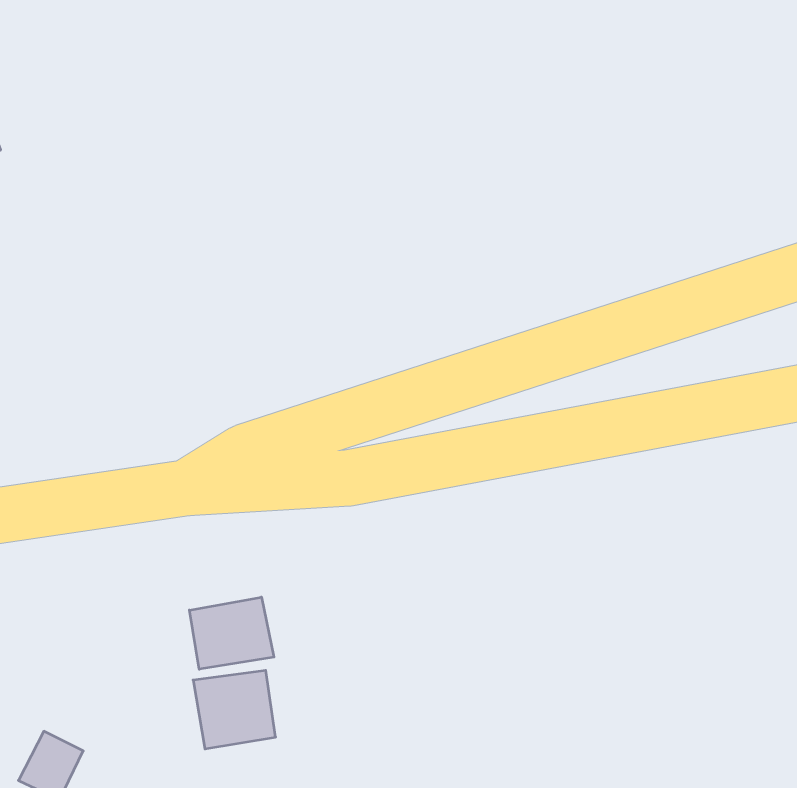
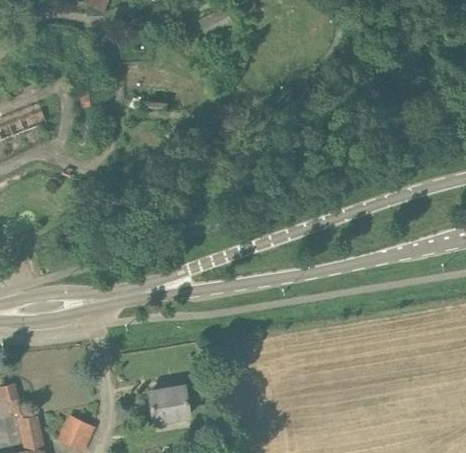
building: [189,597,274,669] -> none

